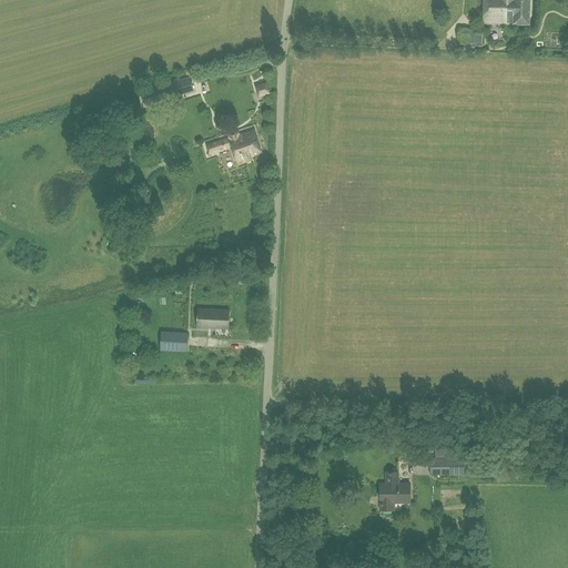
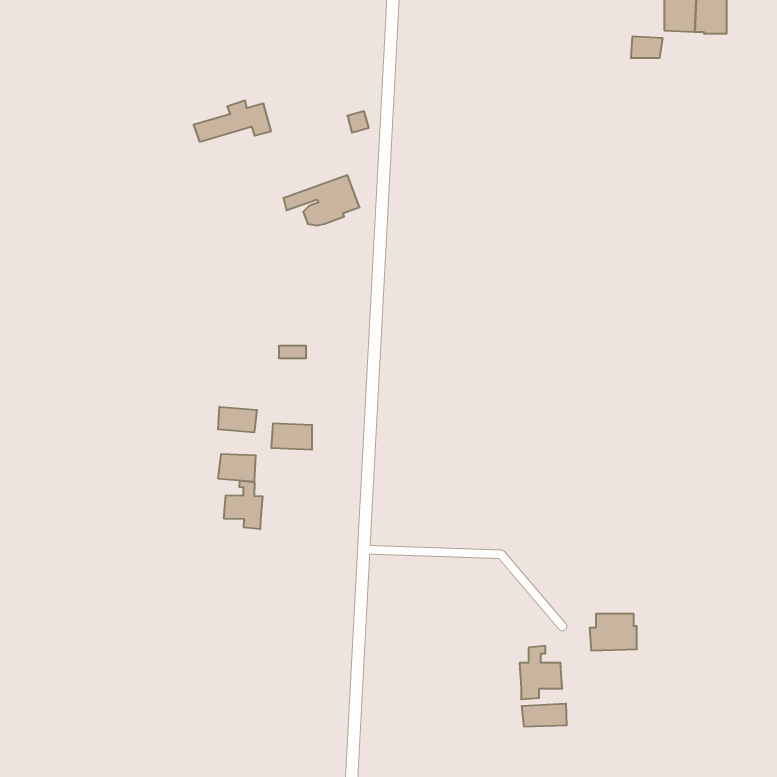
building: none -> [218,407,257,432]
building: none -> [224,480,262,529]
building: none -> [522,703,567,727]

